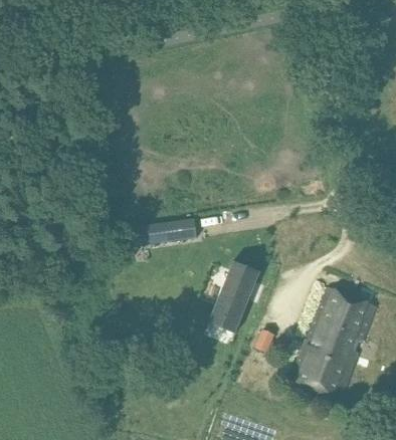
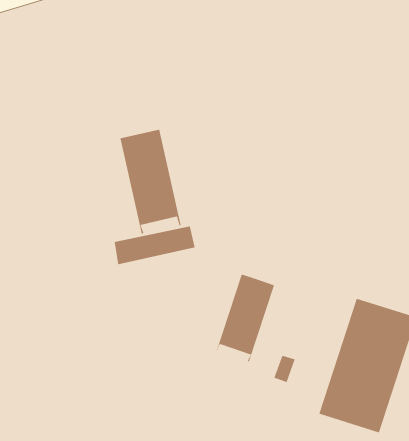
building: none -> [120,129,181,234]

